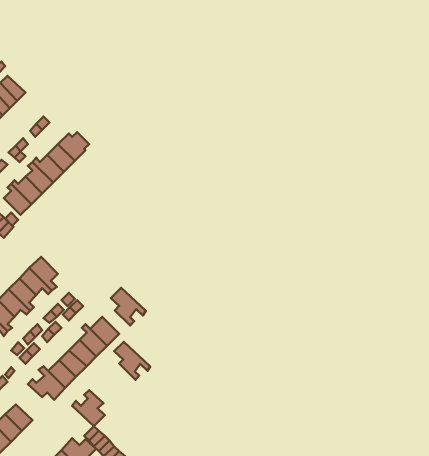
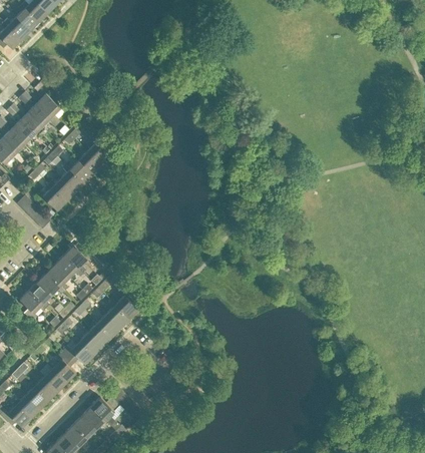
building: [111,288,146,326] -> none
building: [114,342,150,380] -> none
building: [72,390,105,426] -> [48,351,75,381]

